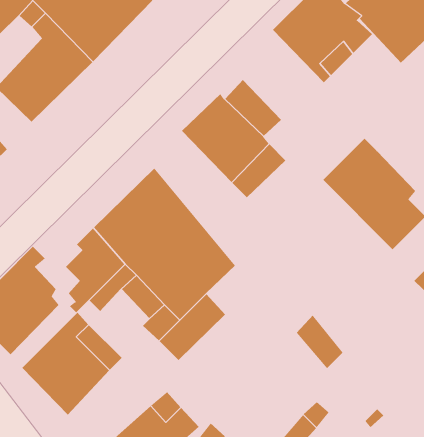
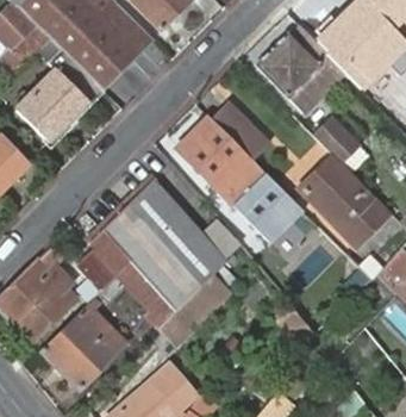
building: none -> [310,114,361,166]
building: none -> [242,178,312,248]

